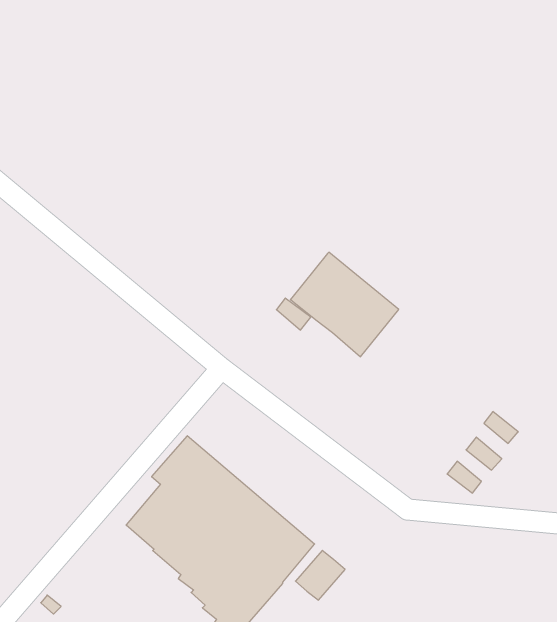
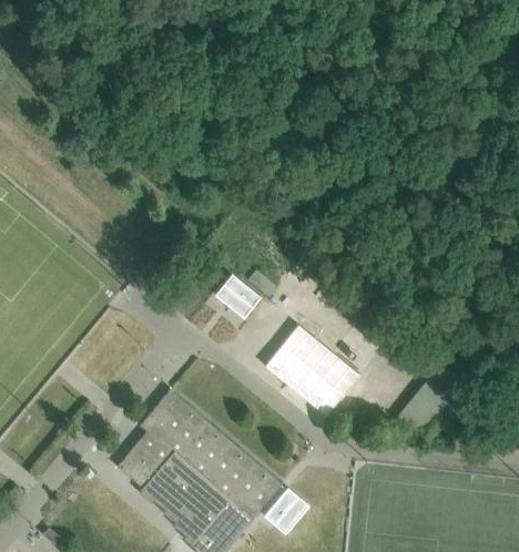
building: [290,252,399,357] -> [265,325,359,416]
building: none -> [216,274,261,317]

